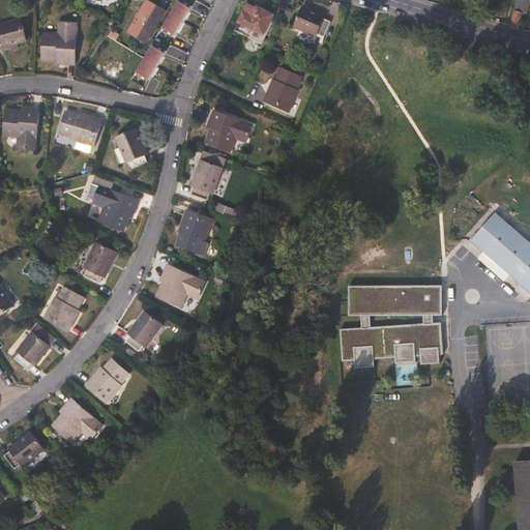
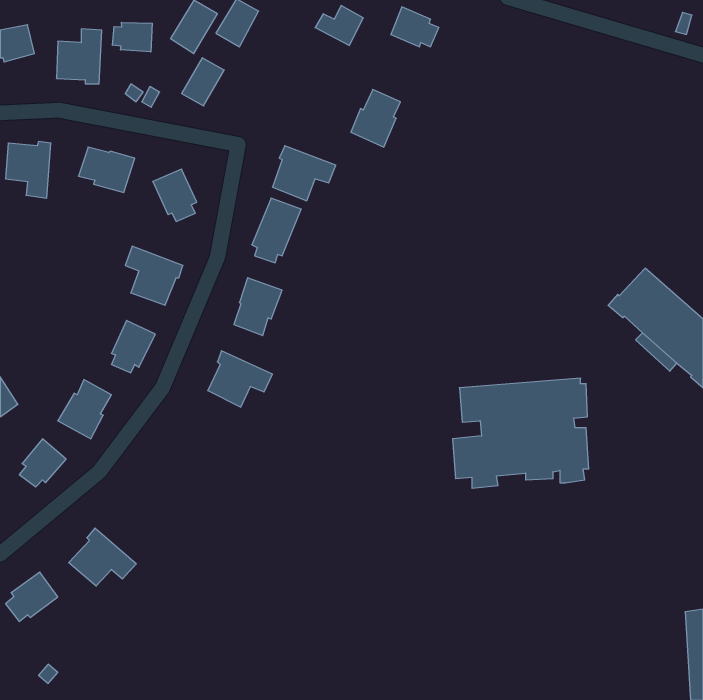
building: none -> [112,22,152,52]
building: [126,310,163,349] -> none
building: [86,358,128,402] -> none

